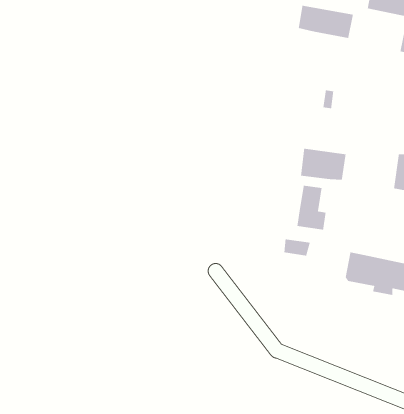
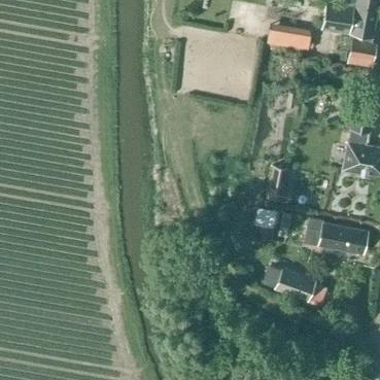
building: [300,148,347,180] -> none
building: none -> [264,266,316,302]

